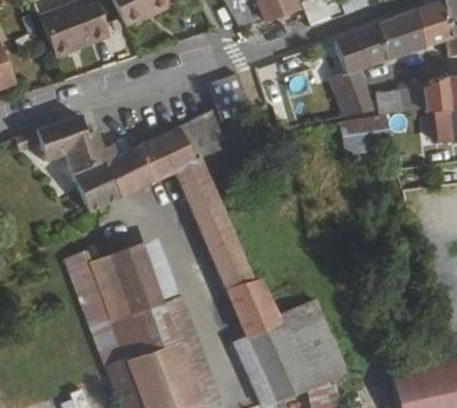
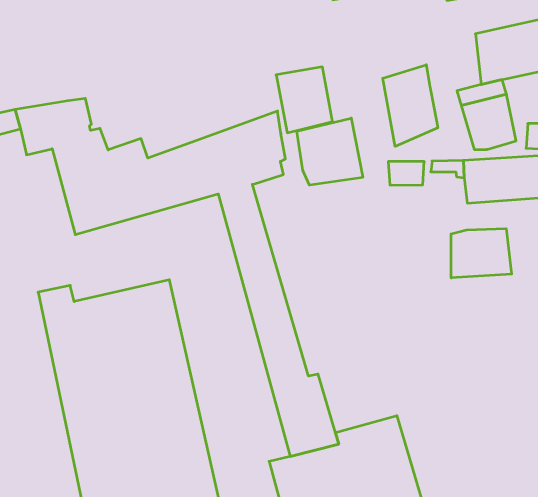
building: none -> [383,65,438,146]
building: none -> [297,118,363,185]
building: none -> [451,229,512,278]

